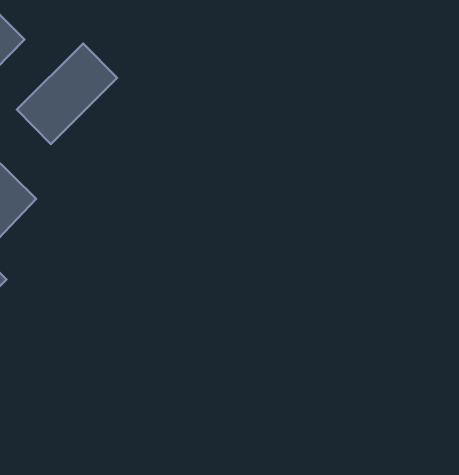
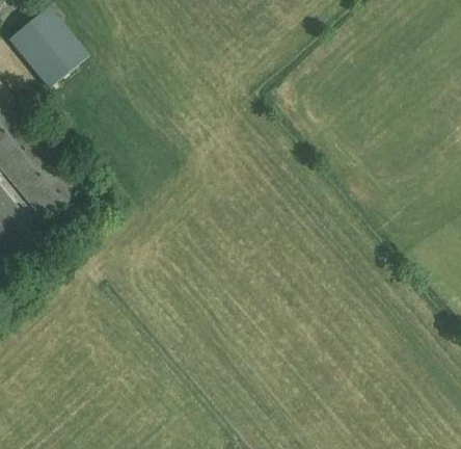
building: [17,43,117,144] -> none

